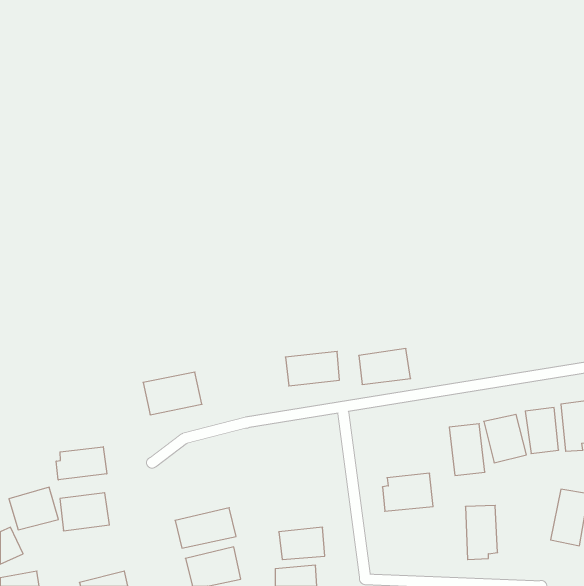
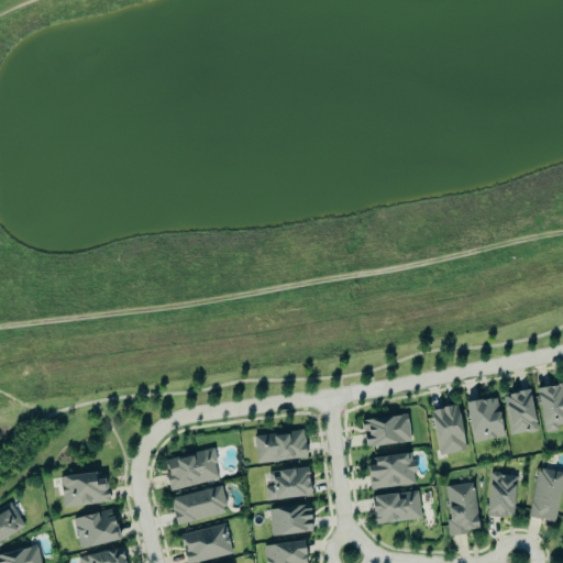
building: [359,349,411,384] -> [364,412,413,446]
building: [285,351,339,386] -> [256,430,308,463]
building: [143,372,202,415] -> [165,449,221,489]
building: [56,447,107,480] -> none
building: [9,487,58,530] -> [74,508,121,549]
building: none -> [268,467,311,498]
building: none -> [489,473,517,517]
building: none -> [374,490,423,523]

